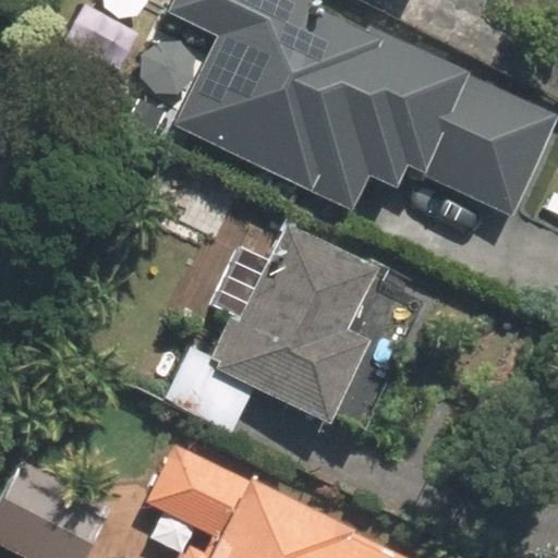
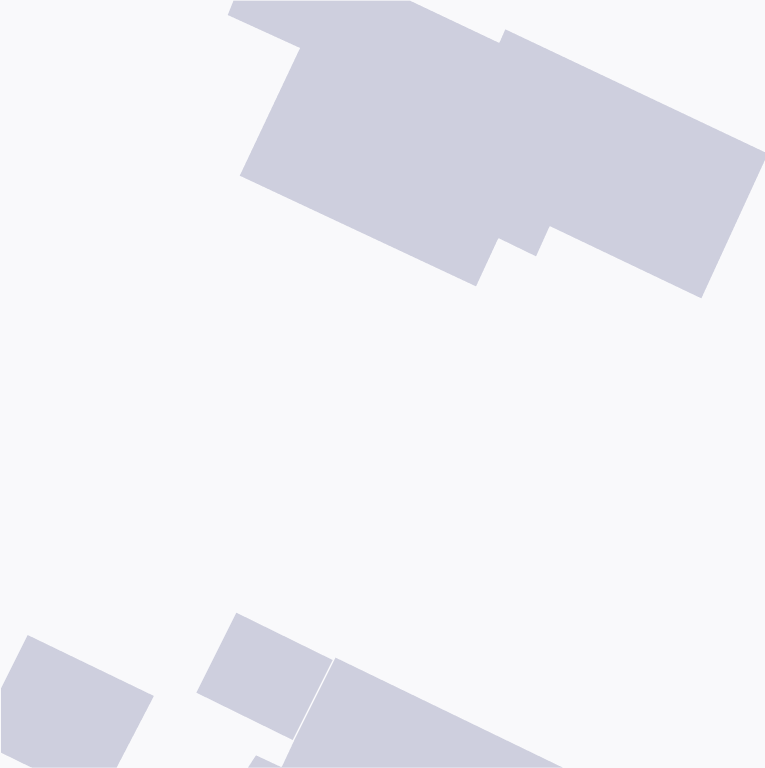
building: [204,222,375,427] -> none

